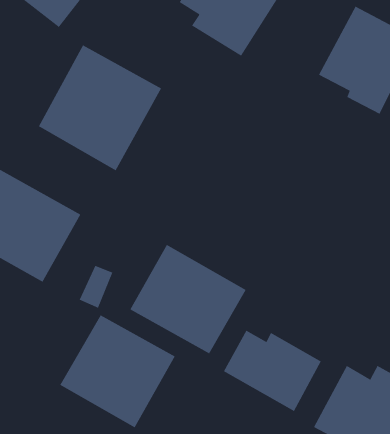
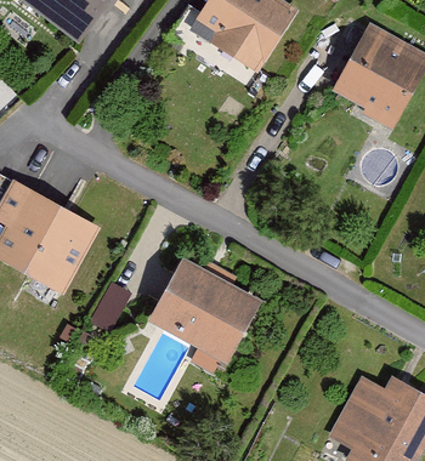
building: [38,44,162,171] -> none
building: [59,314,175,428] -> none
building: [223,330,321,412] -> none

